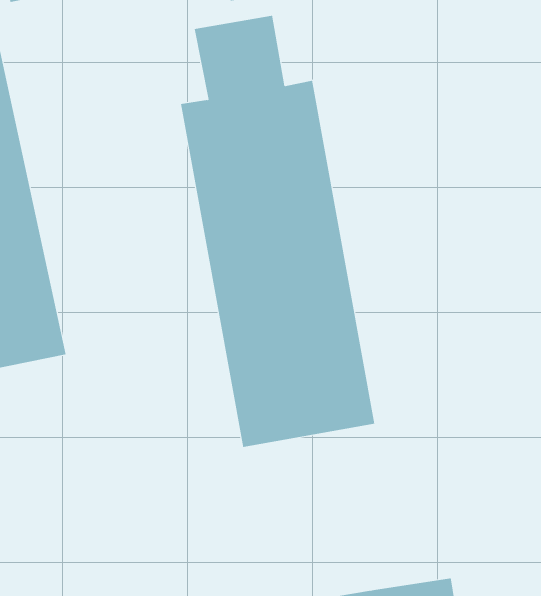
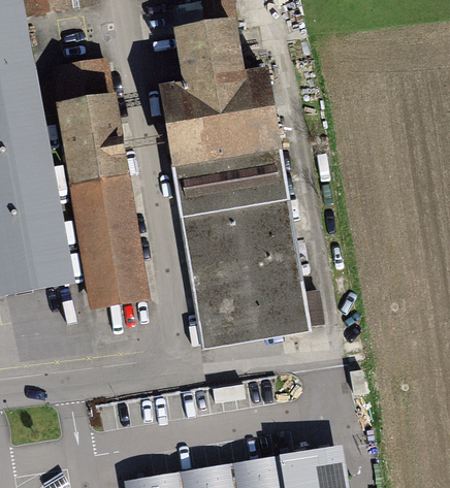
building: none -> [53,64,148,307]

